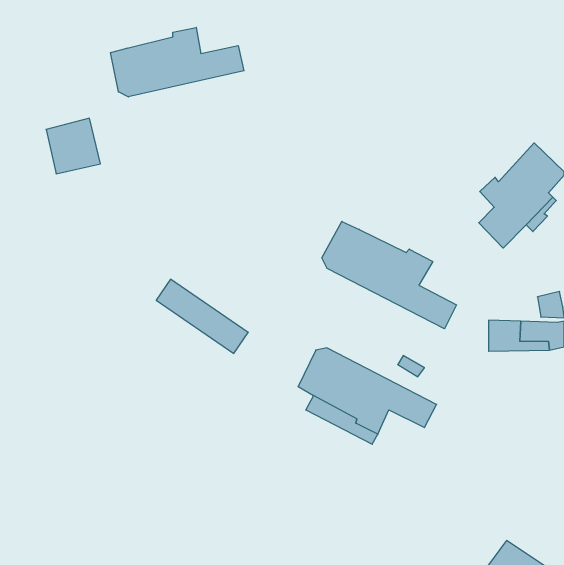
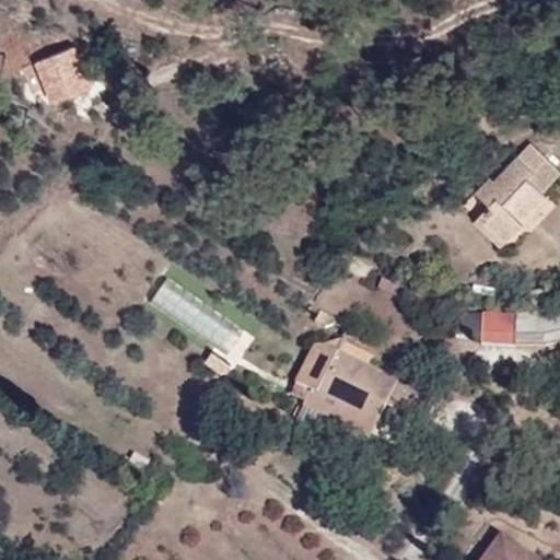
building: [111,27,244,97] -> none
building: [46,118,100,174] -> [38,44,92,98]
building: [322,221,456,329] -> none

